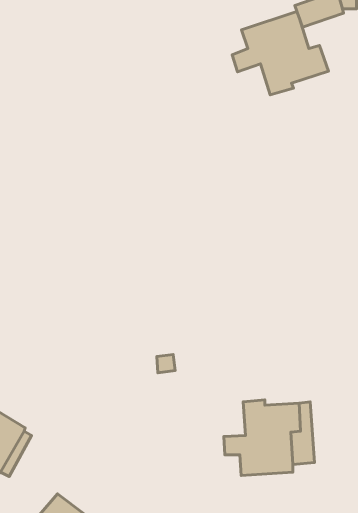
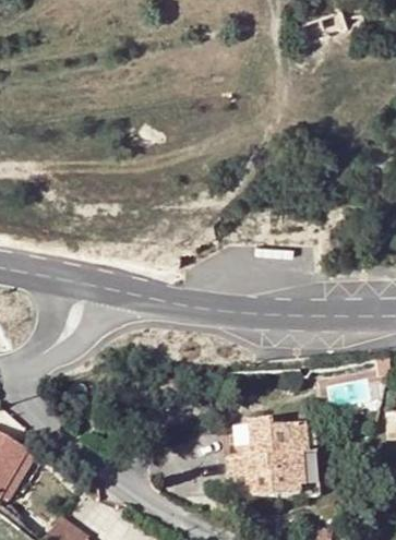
building: [232,12,328,95] -> none

